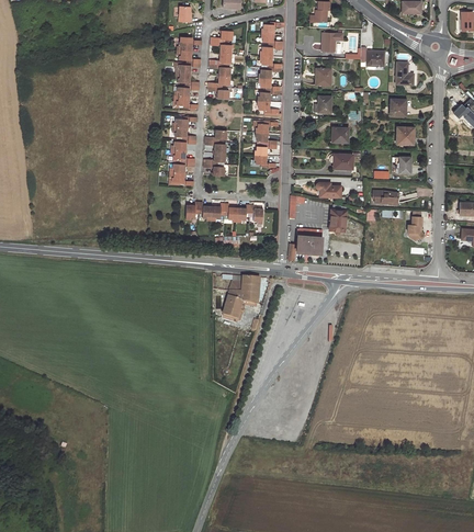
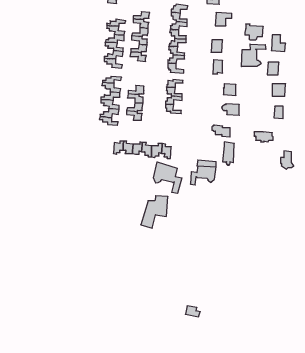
building: none -> [241,44,266,67]
building: none -> [153,162,182,193]

